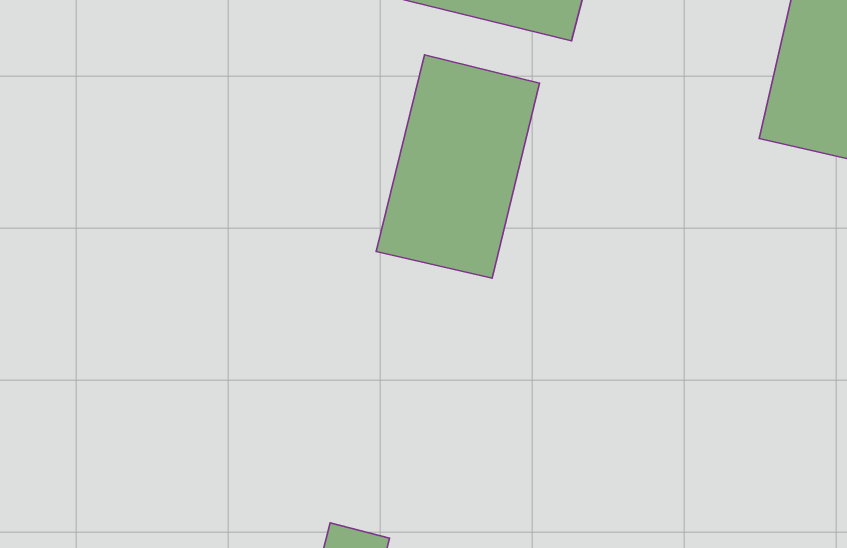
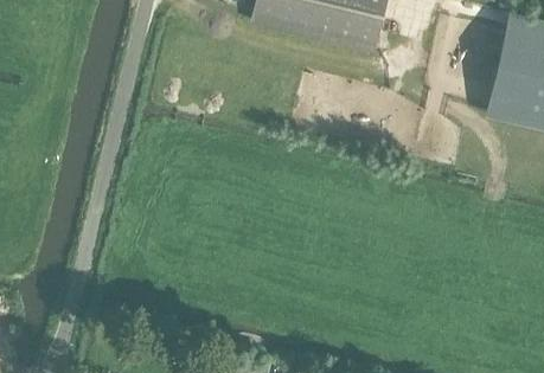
building: [376,55,539,278] -> none

